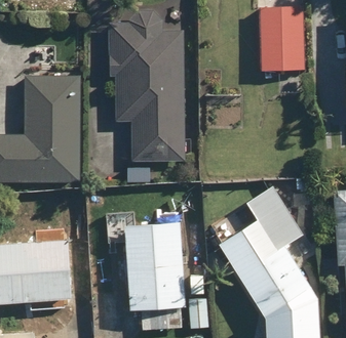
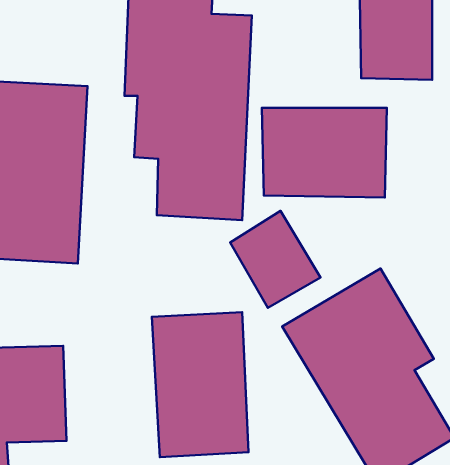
building: none -> [262,108,387,198]
building: none -> [230,211,321,308]

